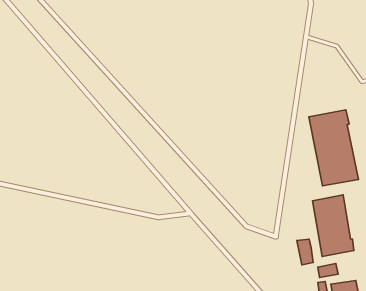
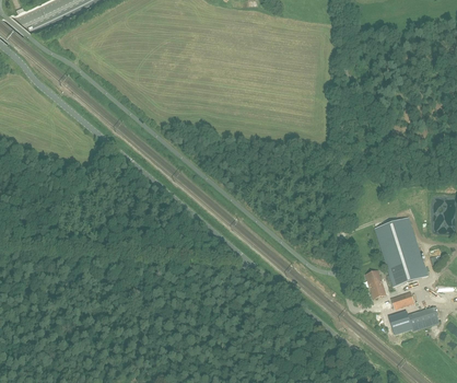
building: [309,110,359,186] -> none

